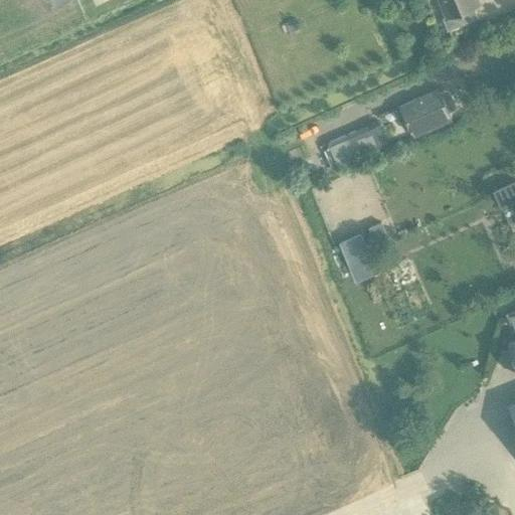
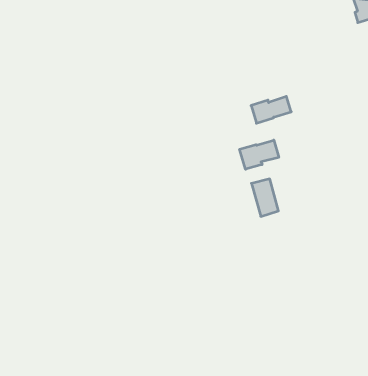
building: [401,89,456,132] -> none
building: none -> [240,140,279,169]

